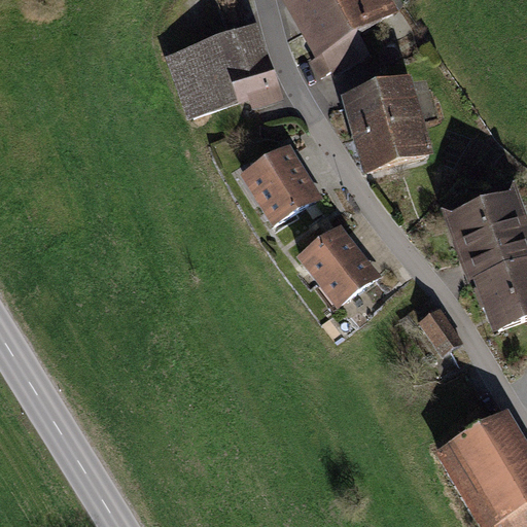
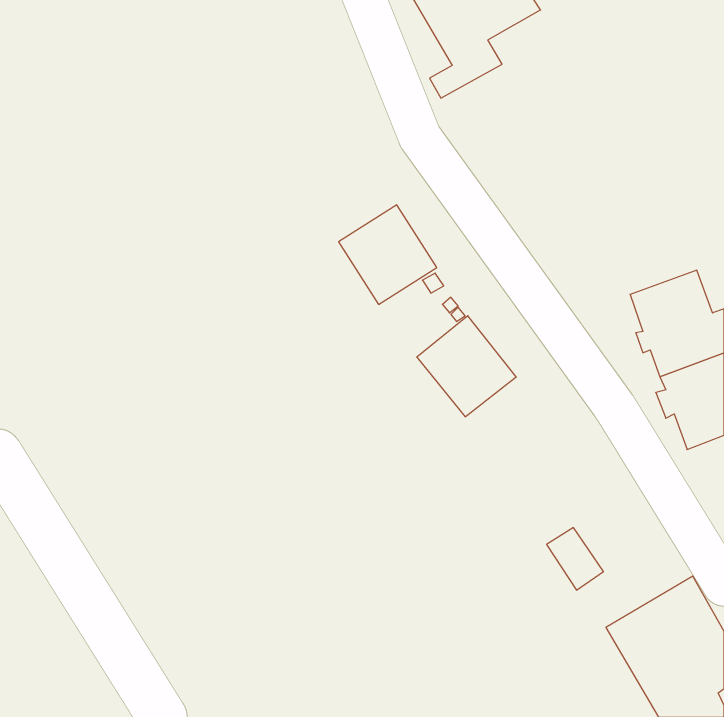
building: [171,26,277,113] -> none
building: [346,82,424,167] -> none
building: [419,307,460,352] -> [547,528,603,590]

